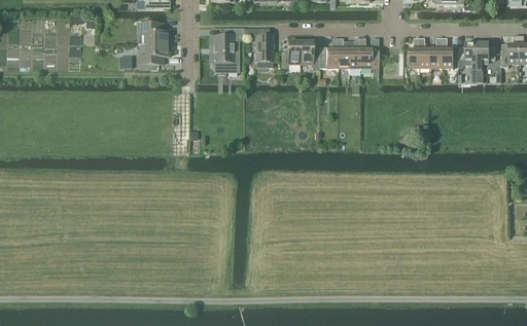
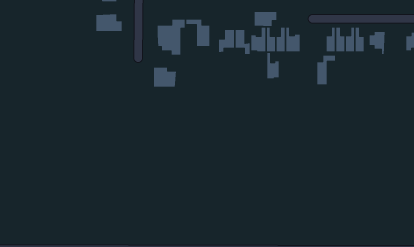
building: none -> [254,11,277,27]
building: [477,41,495,81] -> none
building: [137,43,169,64] -> none
building: none -> [266,52,280,79]
building: none -> [316,55,336,85]
building: none -> [153,67,177,87]

